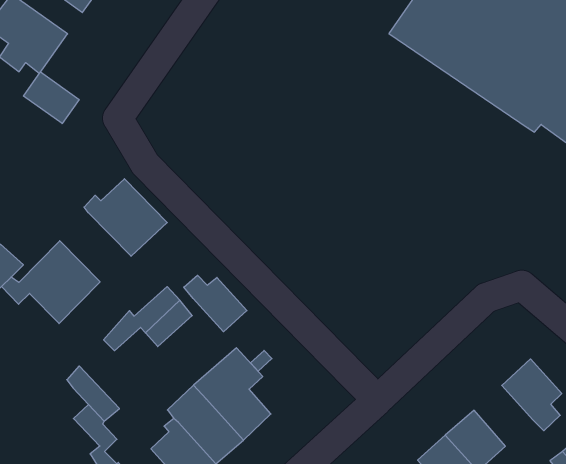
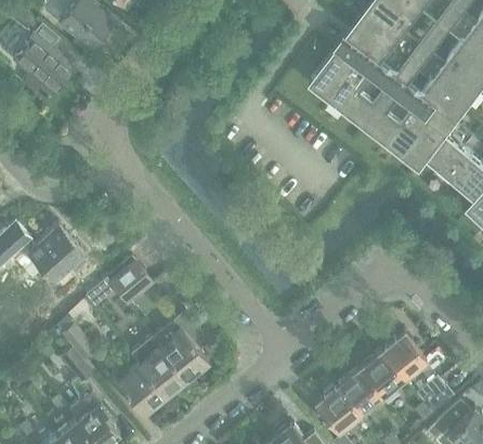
building: [23,72,79,124] -> none
building: [84,179,167,256] -> none
building: [184,275,247,332] -> none
building: none -> [357,352,401,397]

